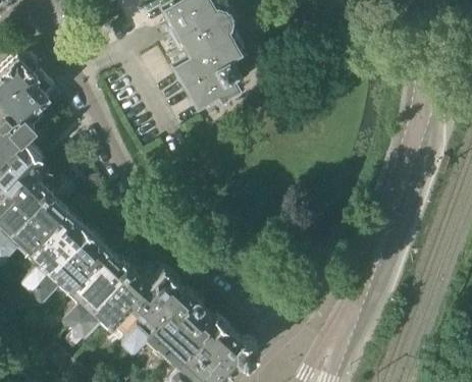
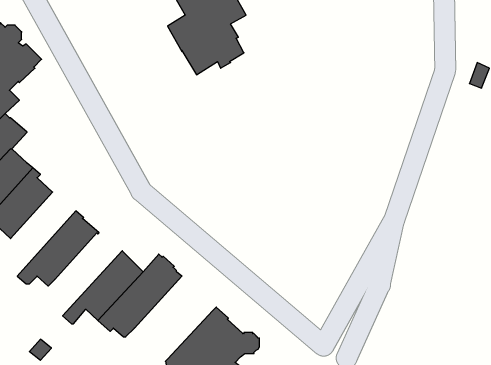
building: [22,212,86,290] -> none
building: [63,251,128,327] -> none
building: [140,290,212,367] -> none

